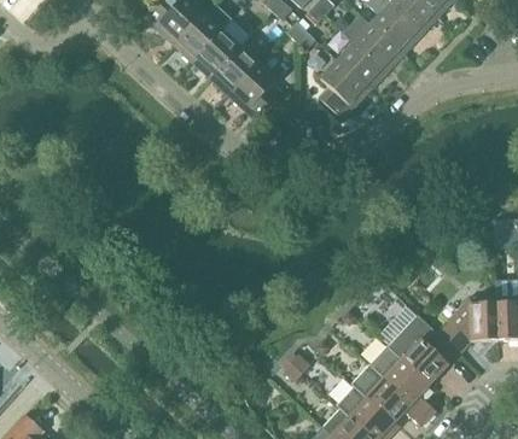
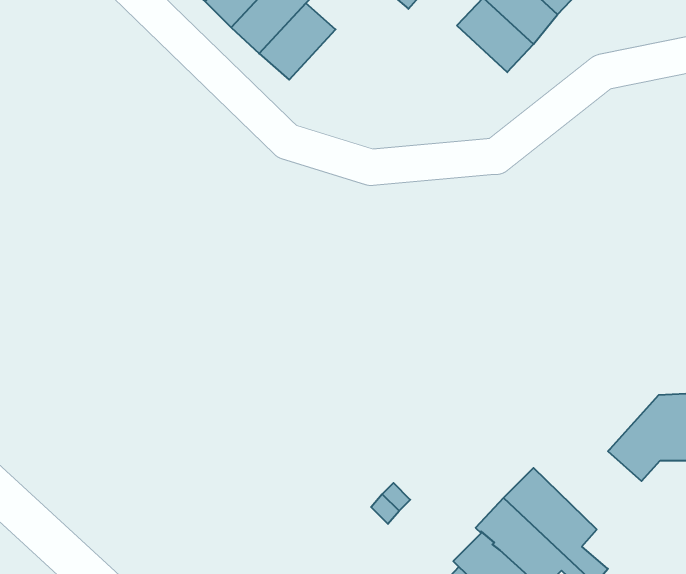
building: [320,59,369,118] -> none
building: [228,62,284,122] -> none
building: [386,315,456,385] -> none

